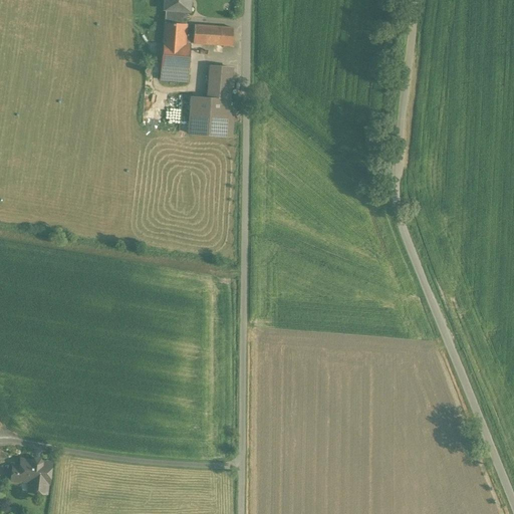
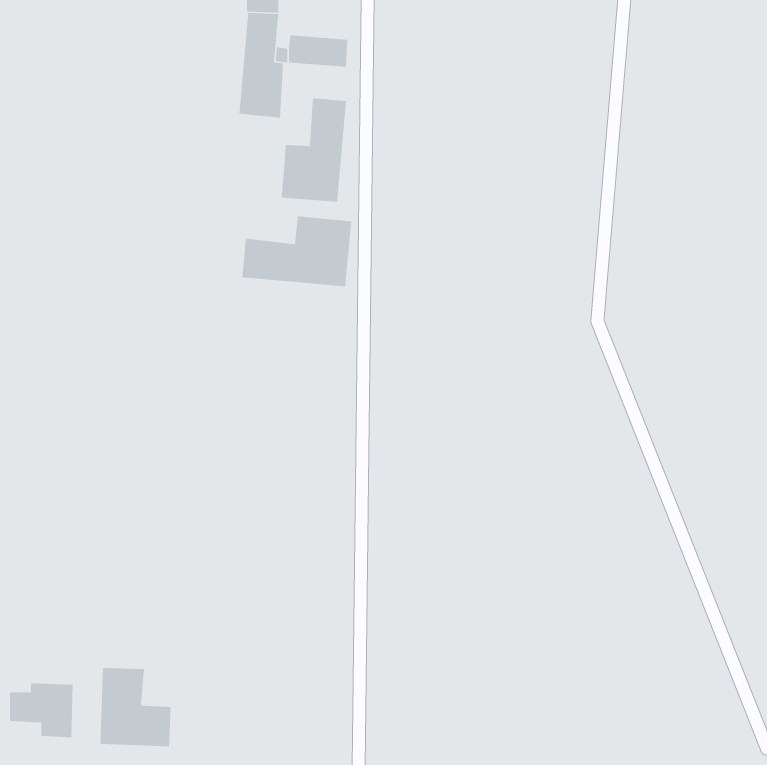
building: none -> [242,216,352,287]
building: none -> [100,667,171,747]

